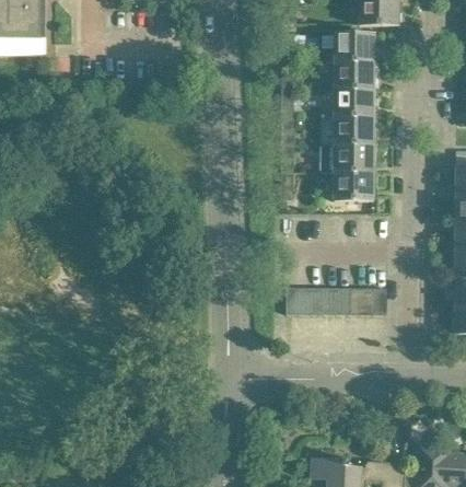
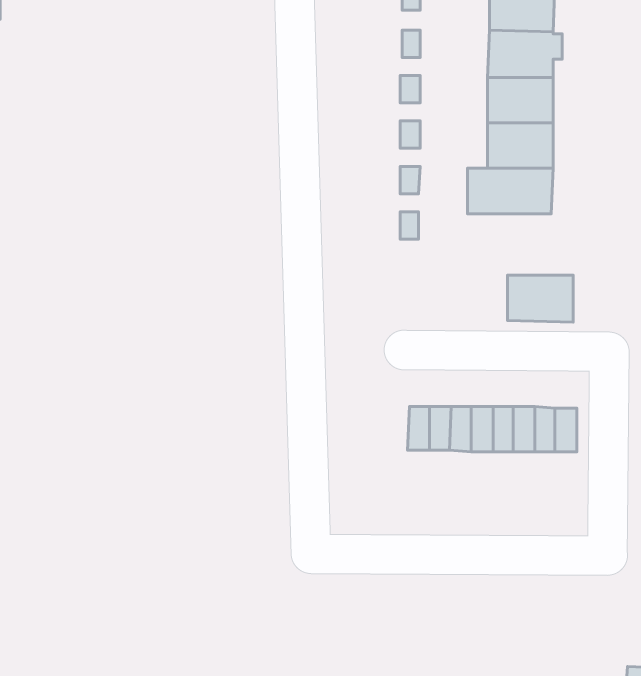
building: [333,172,372,200] -> [508,275,573,322]

